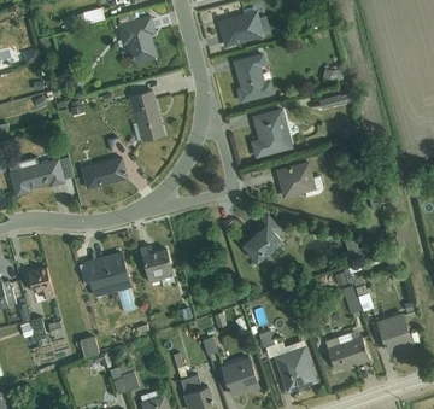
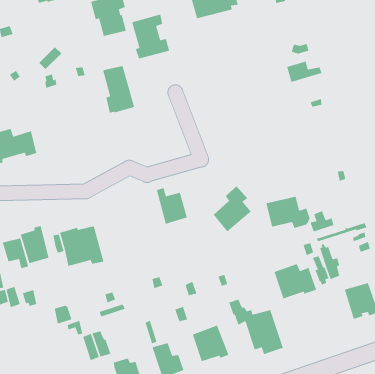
building: [234,54,274,101] -> [131,13,170,59]
building: [252,110,292,157] -> none
building: [81,158,127,188] -> none
building: [277,164,323,198] -> [266,196,310,229]
building: [140,245,172,284] -> [156,187,188,225]
building: none -> [20,225,50,264]
building: [324,333,369,370] -> [274,263,317,300]

